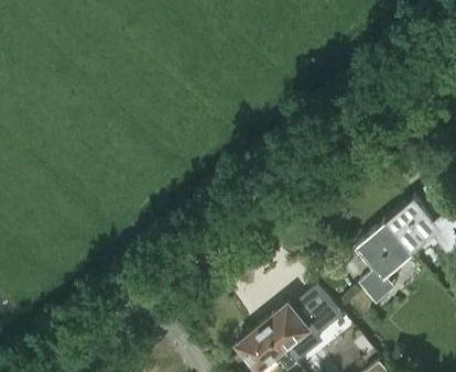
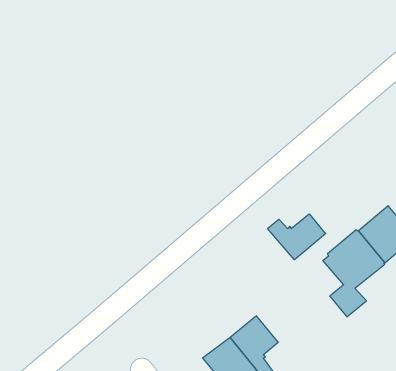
building: none -> [268,214,326,260]
building: [302,291,340,330] -> none

